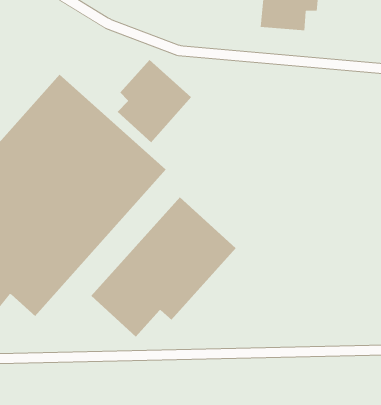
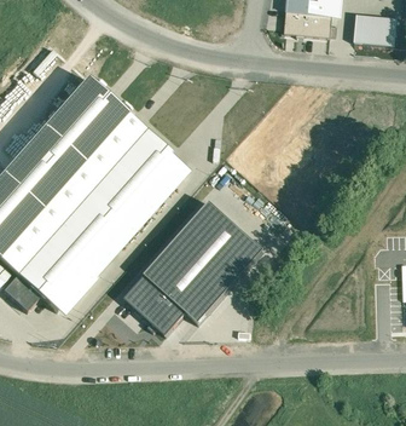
building: none -> [353,12,396,44]
building: [117,59,192,143] -> none

